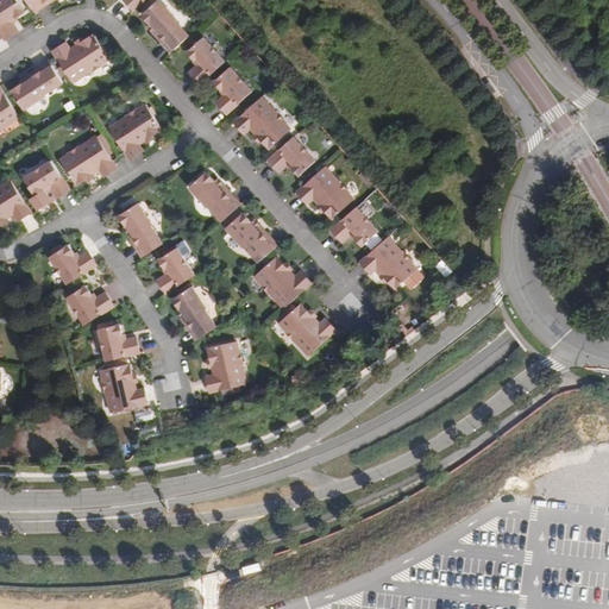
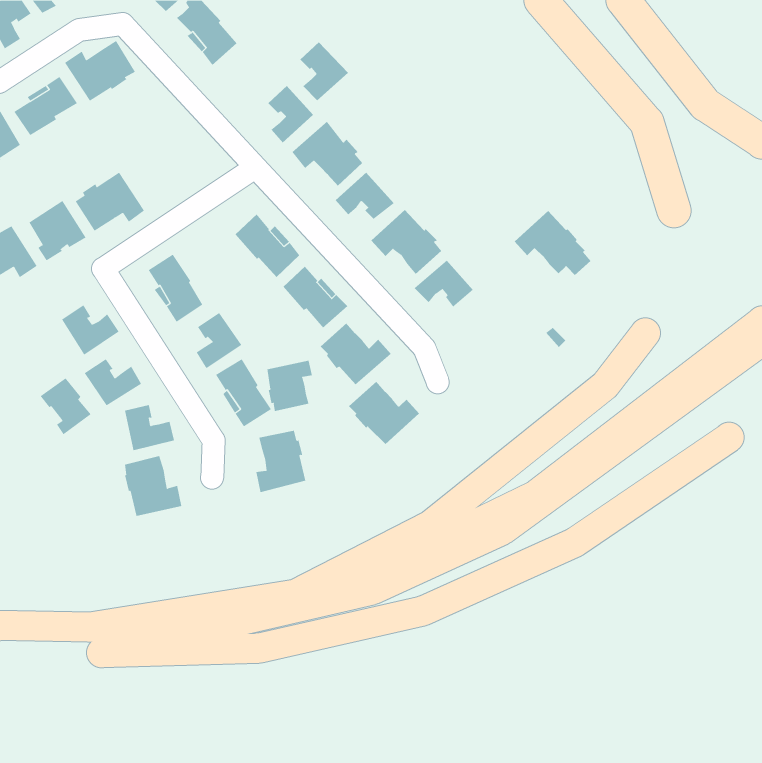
building: [184,37,224,84] -> [299,41,349,101]
building: [108,106,159,159] -> none
building: [359,237,421,289] -> [514,210,591,276]
building: none -> [267,360,312,412]
building: none -> [40,378,92,435]

